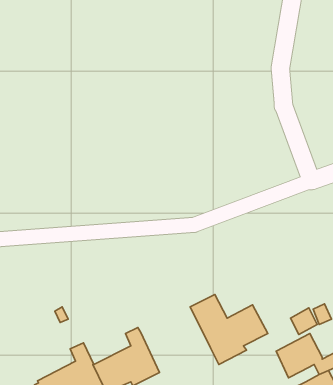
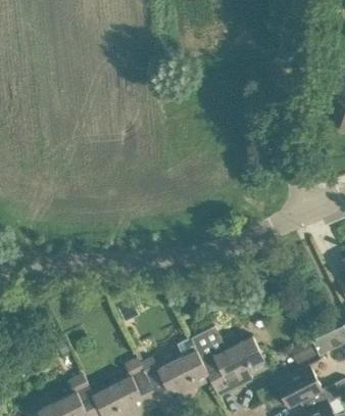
building: none -> [141,337,210,408]

